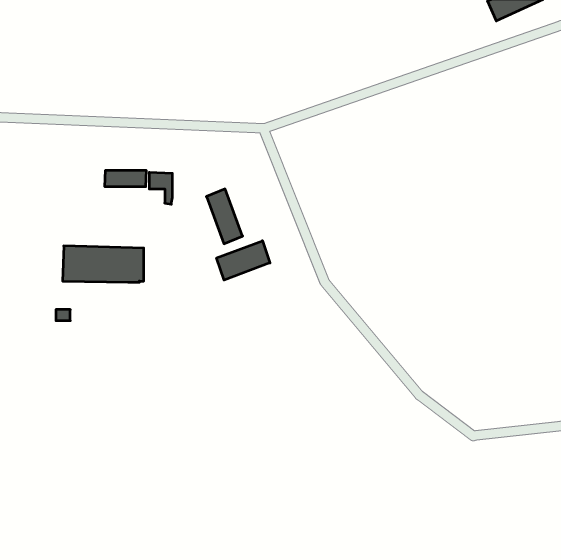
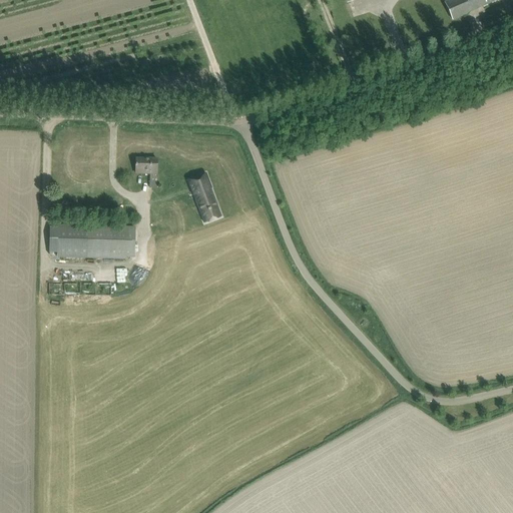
building: [105,170,146,187] -> none
building: [217,241,270,280] -> none

